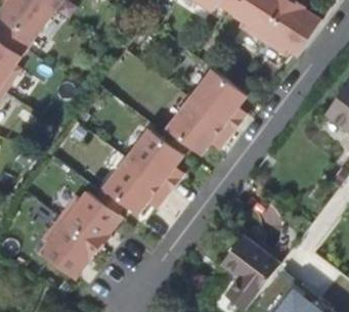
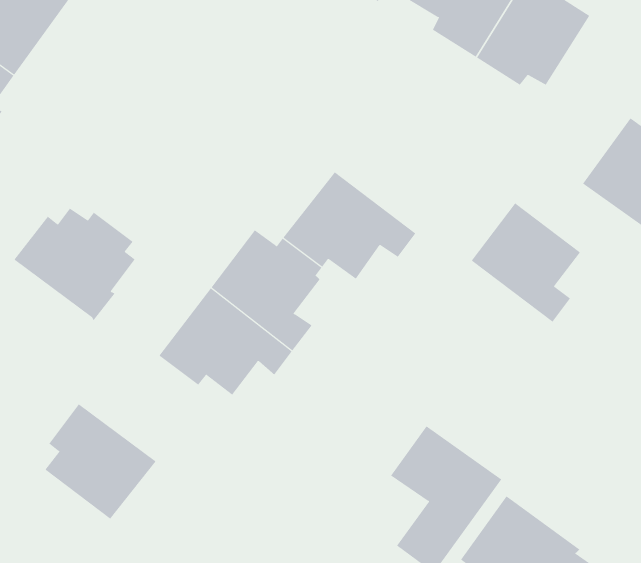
building: [190,70,247,131] -> [471,203,581,323]
building: [59,191,122,250] -> [14,208,136,322]

